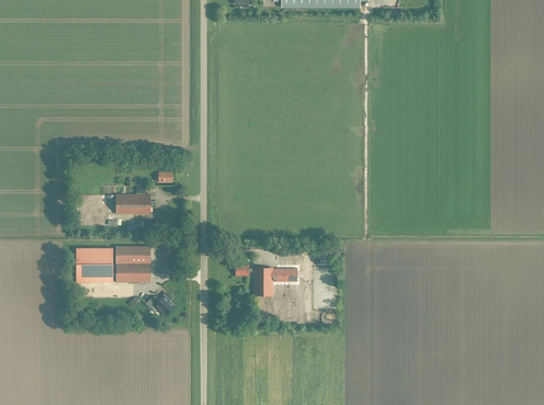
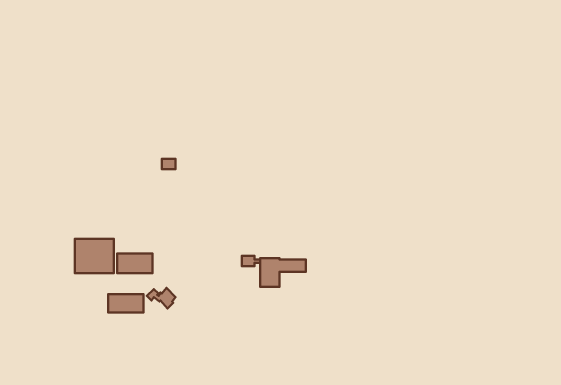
building: [116,194,150,214] -> none
building: [116,246,150,263] -> [108,294,144,312]

